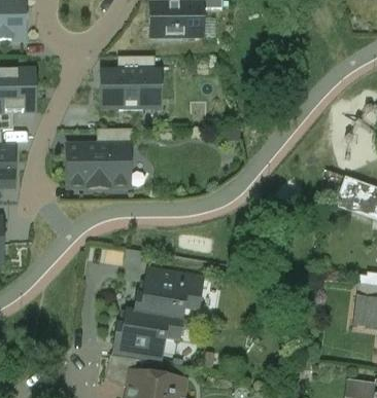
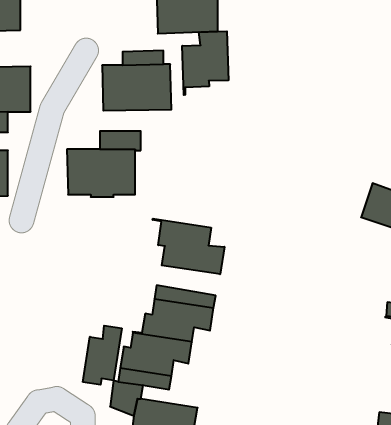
building: none -> [182,31,228,95]
building: none -> [153,219,224,274]
building: none -> [83,326,122,385]

